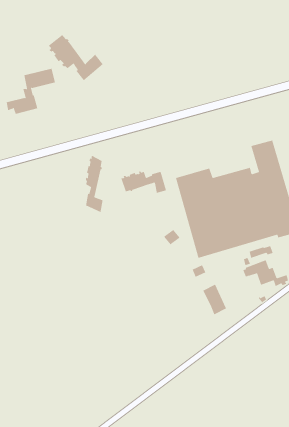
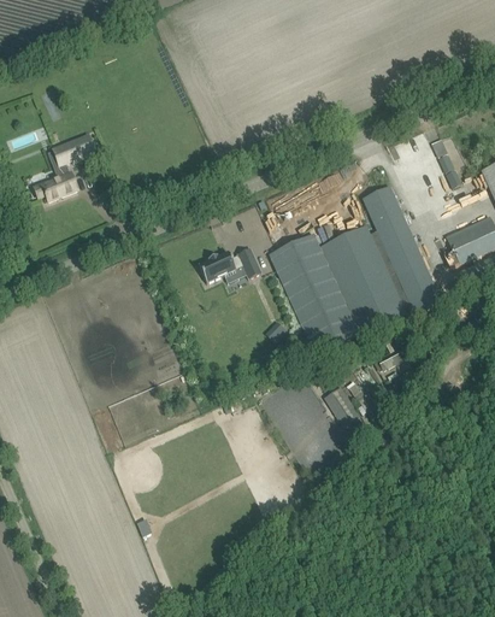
building: [48,34,104,81] -> none
building: [85,155,103,213] -> none

